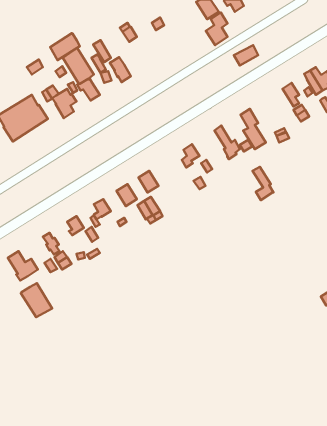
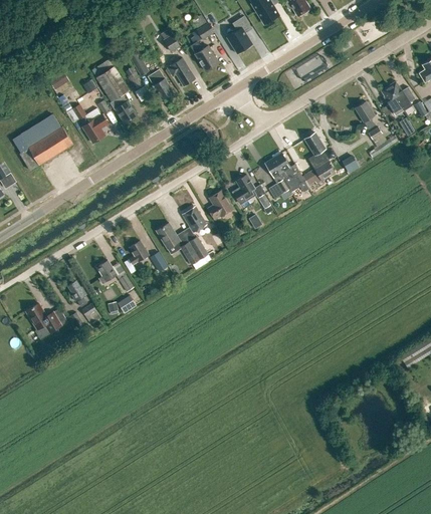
building: [206,13,228,45] -> [226,15,252,54]
building: [50,33,80,60] -> none
building: none -> [190,41,219,70]
building: none -> [168,58,195,86]
building: none -> [208,190,233,218]
building: [252,167,273,200] -> [264,158,289,198]
building: [21,283,52,317] -> none

